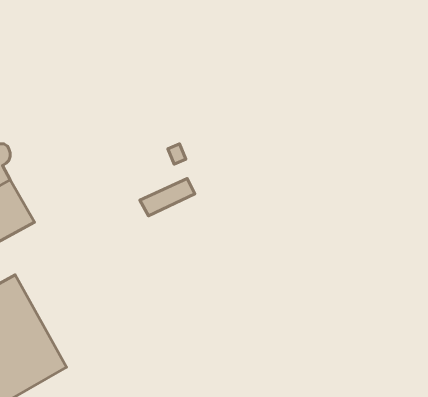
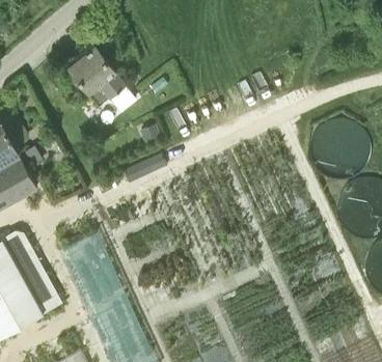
building: none -> [66,46,134,109]

